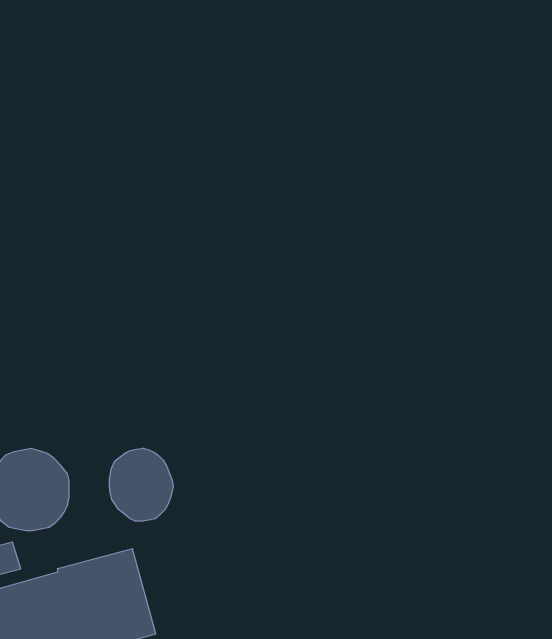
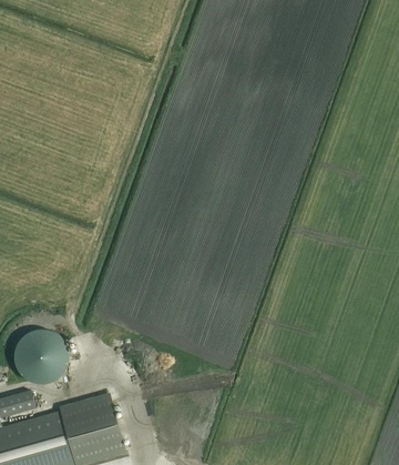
building: [109,448,173,521] -> none

